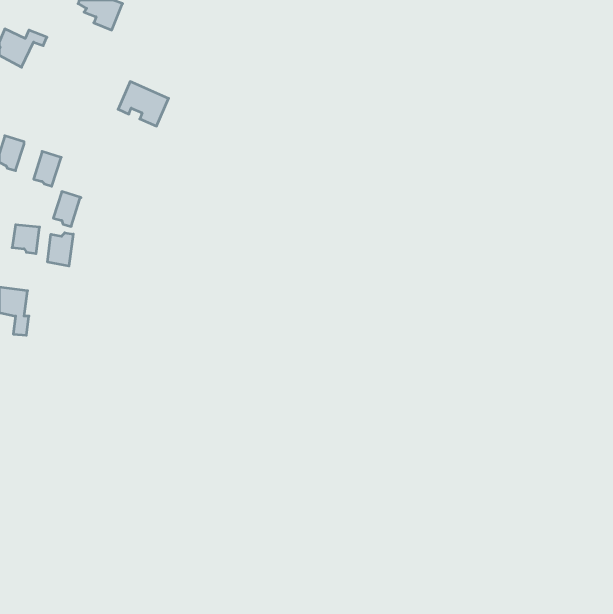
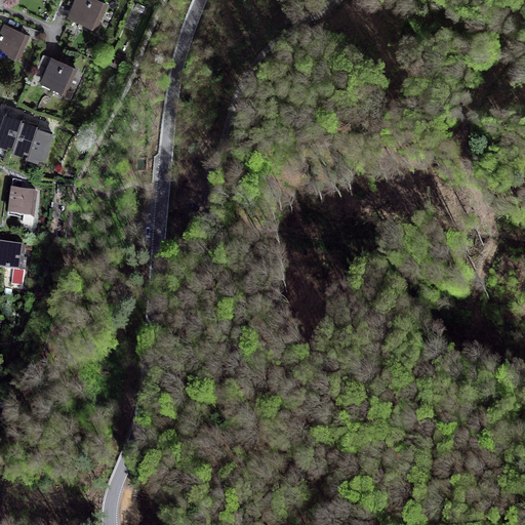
building: [118,82,169,126] -> [32,54,75,92]
building: [53,192,81,226] -> [13,123,37,153]
building: [48,233,73,266] -> none

